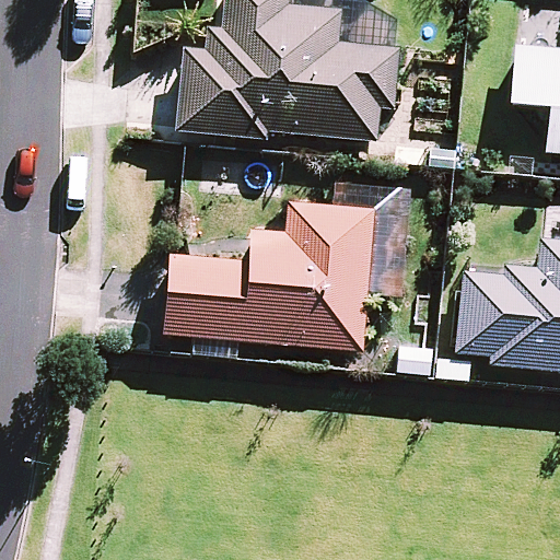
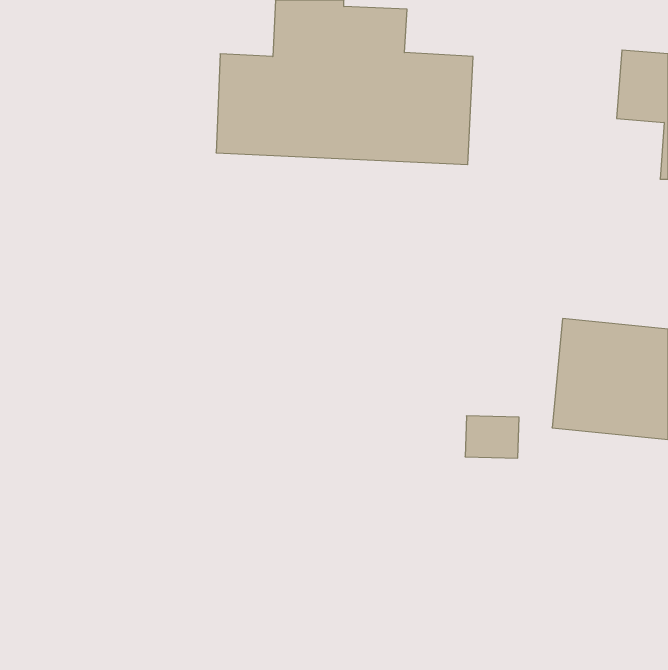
building: [170,202,375,347] -> none

